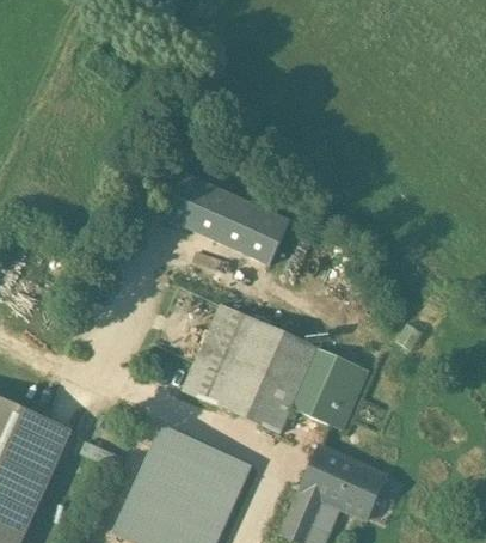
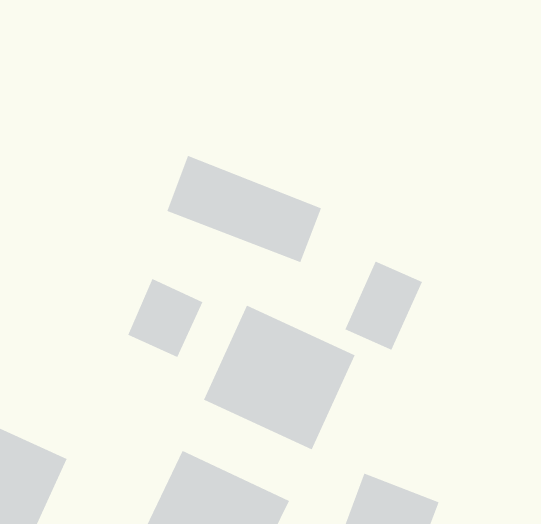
building: none -> [127,278,203,358]
building: [301,354,368,431] -> [344,261,423,350]

